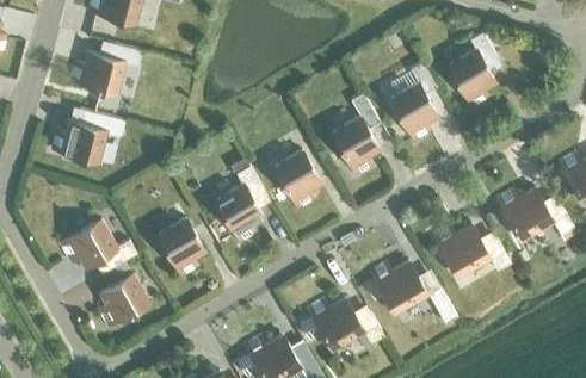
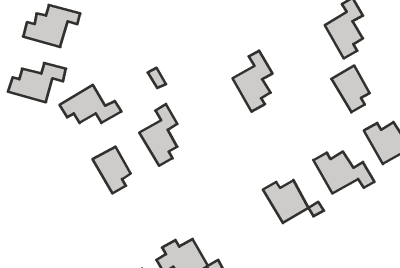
building: [390,82,438,141] -> [331,66,370,112]
building: [275,150,322,209] -> none
building: [60,219,137,267] -> [60,85,121,123]
building: [98,273,149,326] -> none
building: [301,297,384,351] -> none

